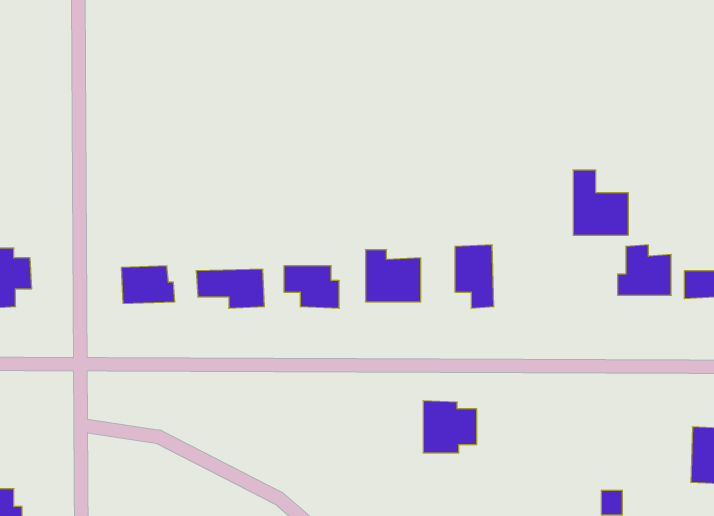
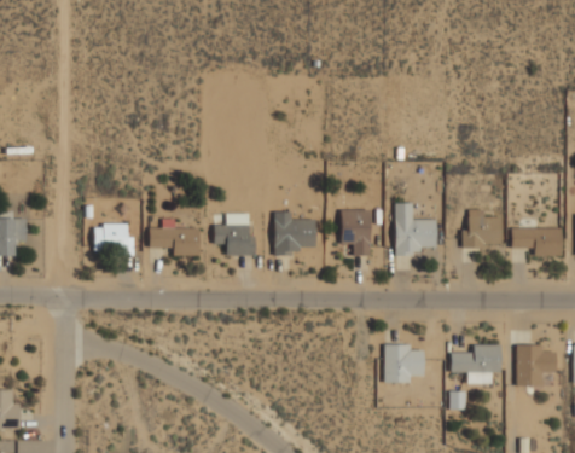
building: [573,170,628,235] -> [395,203,436,251]
building: [423,401,477,453] -> [384,344,424,383]
building: none -> [451,344,500,384]

